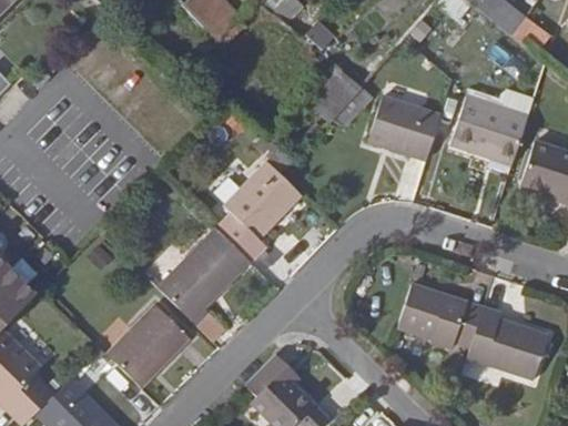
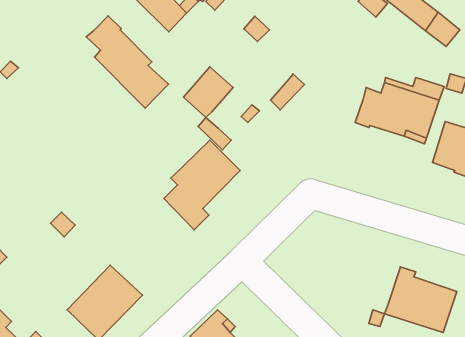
building: none -> [86,16,168,108]
building: [304,64,361,122] -> [183,67,233,118]
building: [366,94,442,161] -> none
building: [156,227,250,325] -> none
building: [396,283,484,348] -> none

